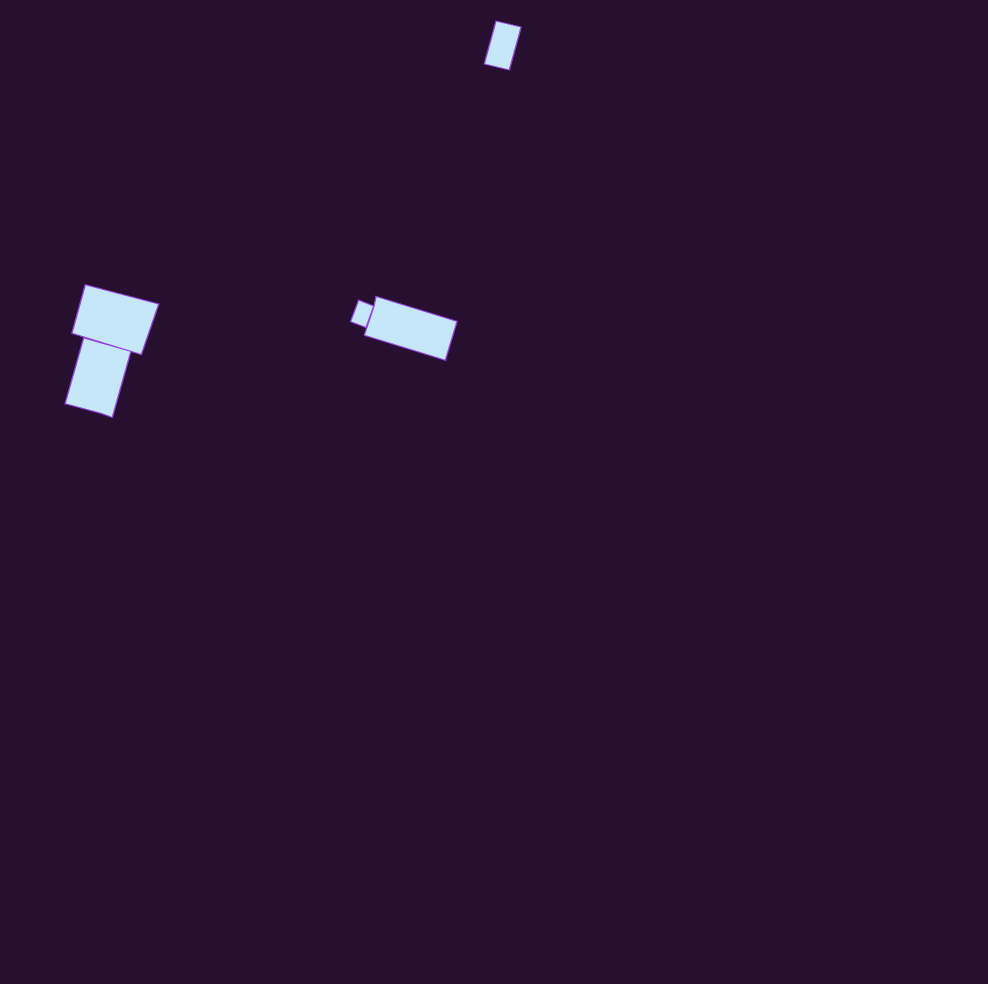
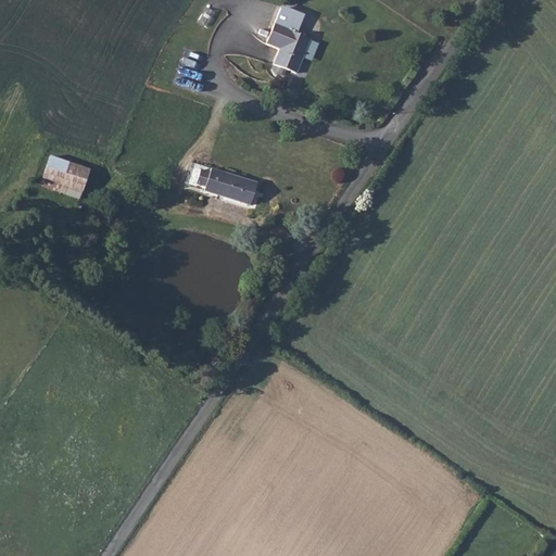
building: none -> [281,20,314,61]
building: [65,338,131,417] -> none

